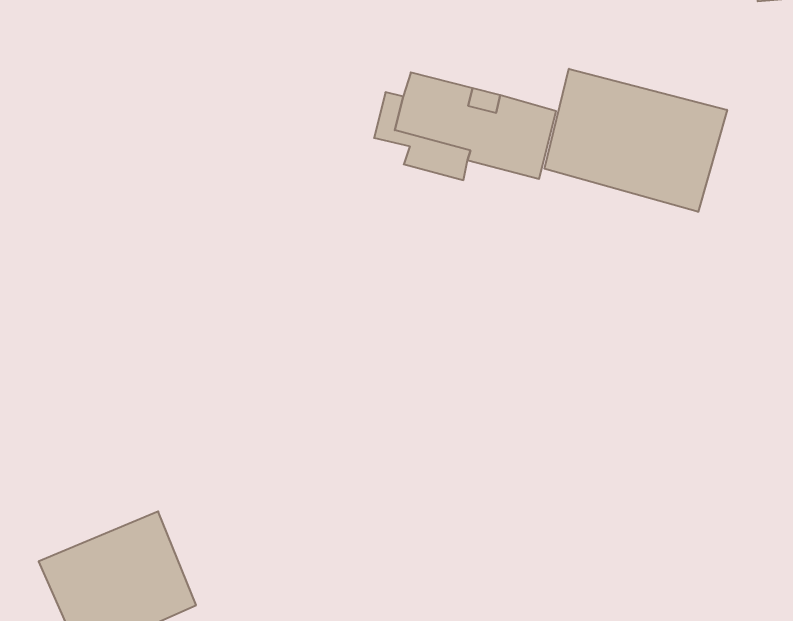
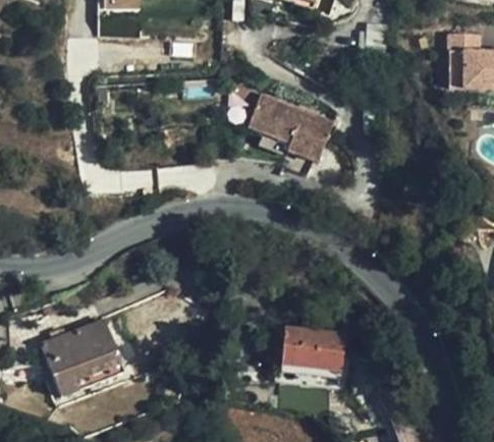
building: [544,69,727,212] -> none
building: none -> [283,327,344,387]

